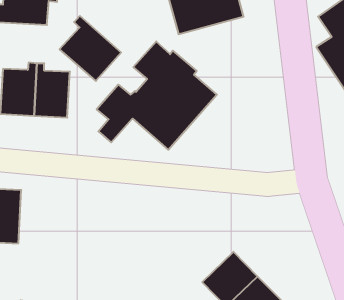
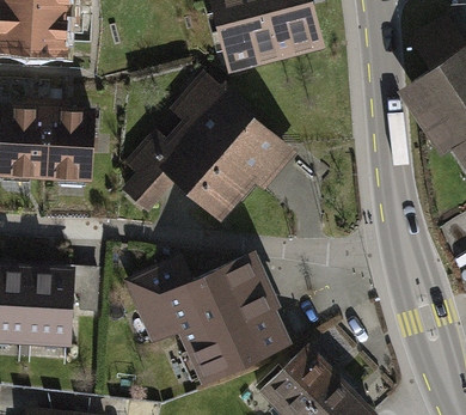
building: [60,16,121,81] -> none
building: none -> [129,258,283,380]
building: none -> [25,269,99,341]

